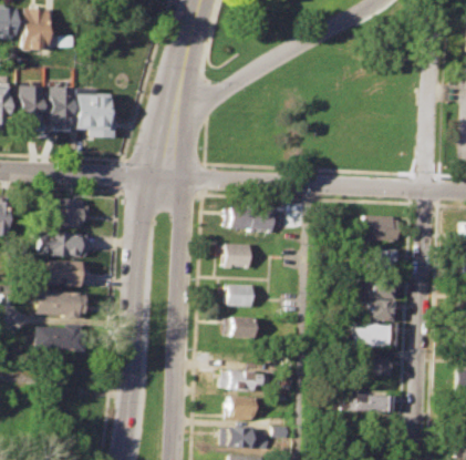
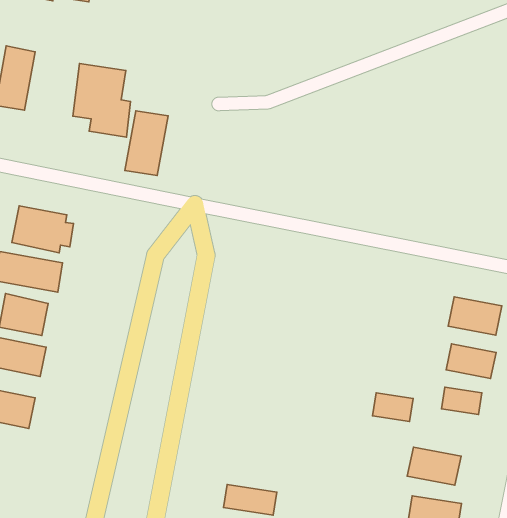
building: [50,88,74,131] -> [125,111,168,176]
building: [228,204,276,229] -> none
building: [226,244,251,268] -> none
building: [228,285,255,306] -> none
building: [365,301,392,318] -> [372,393,413,422]
building: [226,318,256,335] -> none

